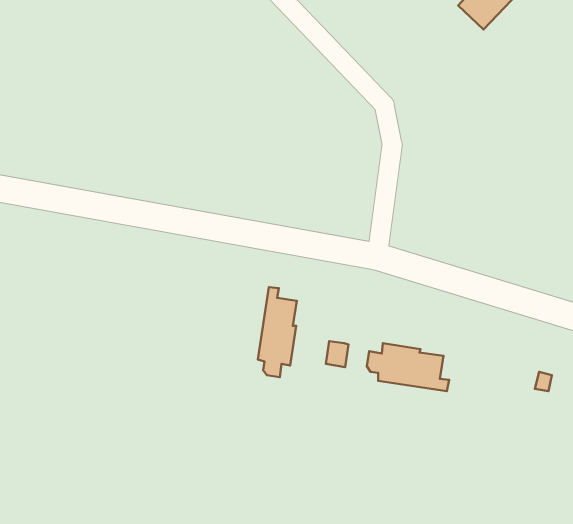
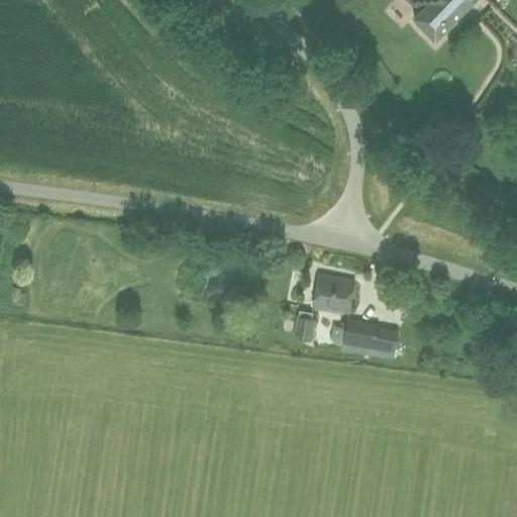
building: [258,287,297,377] -> none
building: none -> [313,274,354,312]

